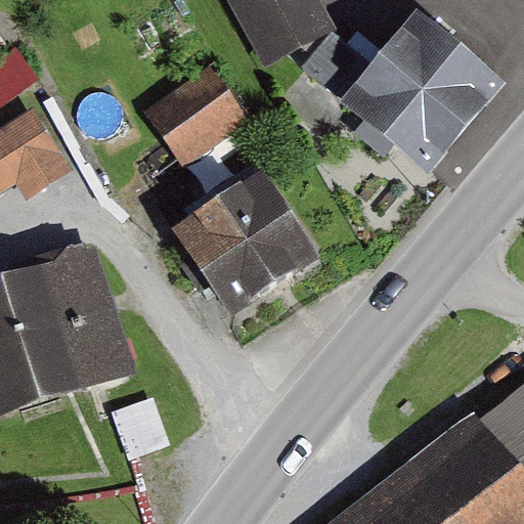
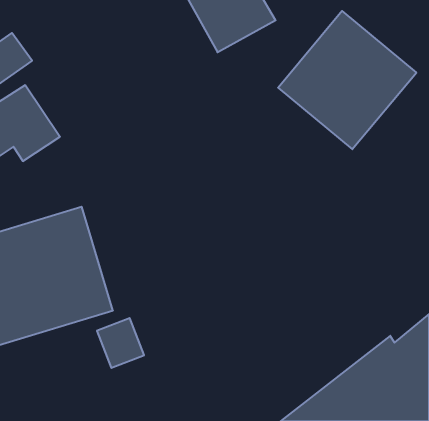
building: [143,60,250,163] -> none
building: [171,174,318,321] -> none

